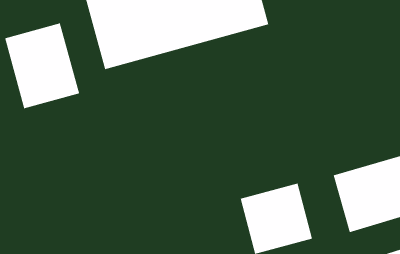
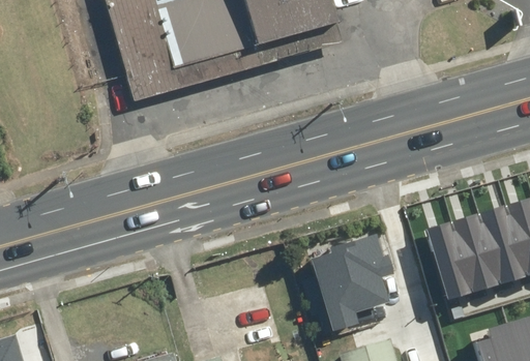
building: [4,22,80,109] -> none

